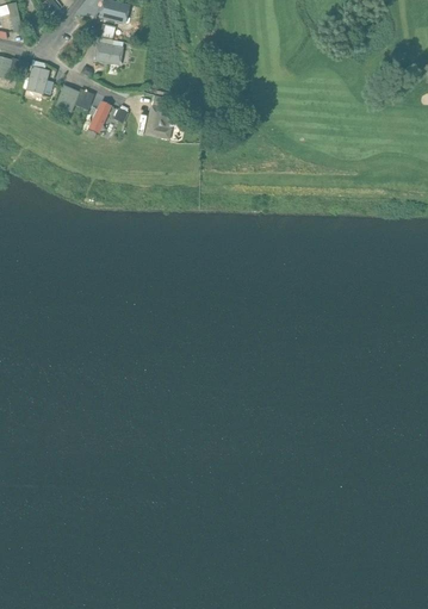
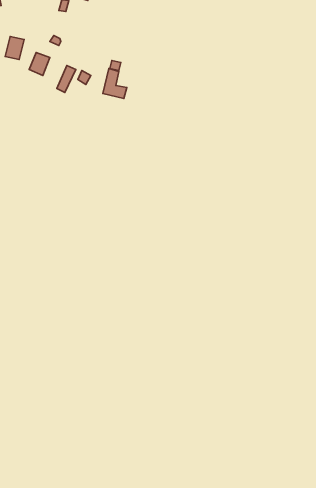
building: [93,42,124,64] -> none

